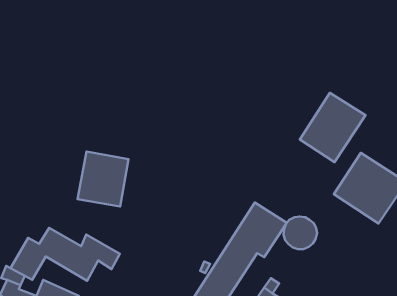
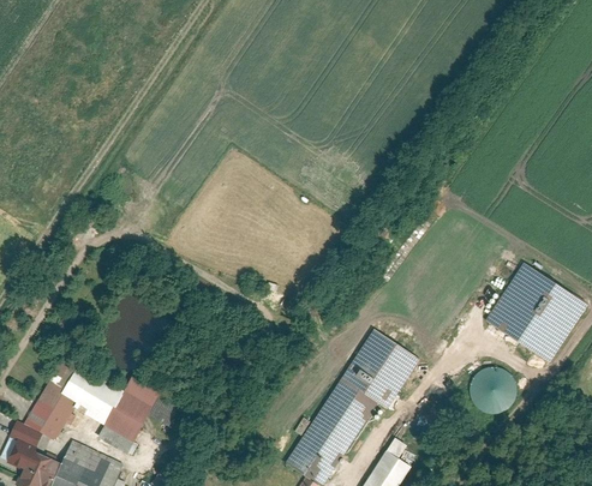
building: [300,93,365,162] -> none
building: [78,151,129,206] -> none
building: [283,216,317,249] -> [468,366,516,413]

